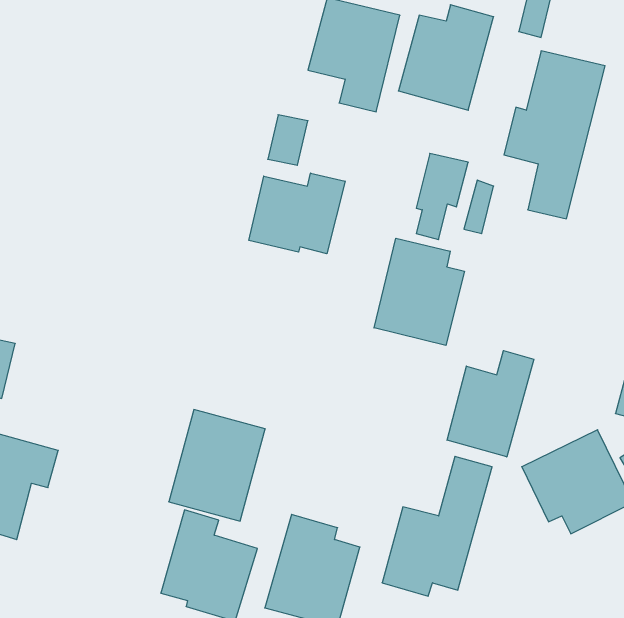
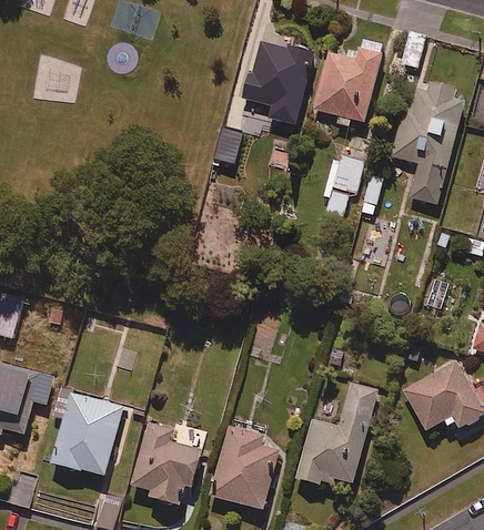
building: [249,173,345,254] -> none
building: [374,238,464,345] -> none
building: [447,351,534,457] -> none
building: [169,410,265,521] -> [52,391,124,475]

